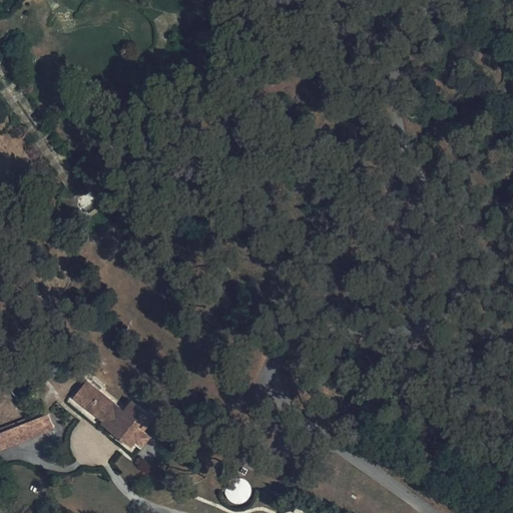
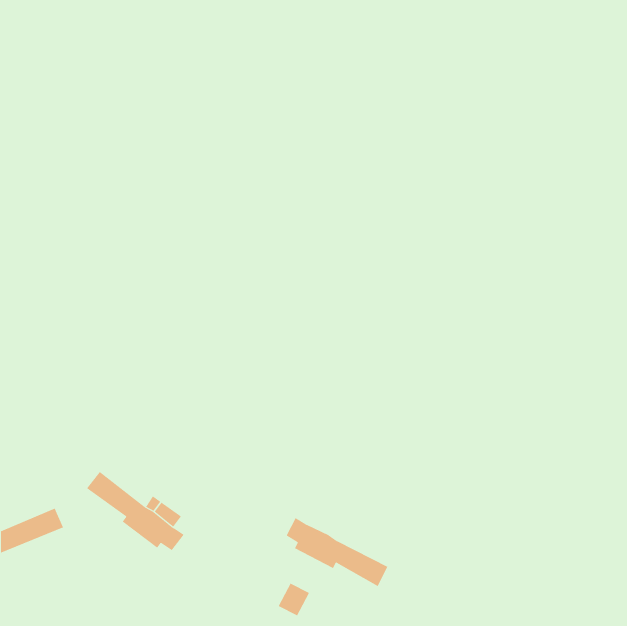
building: none -> [286,517,388,587]

